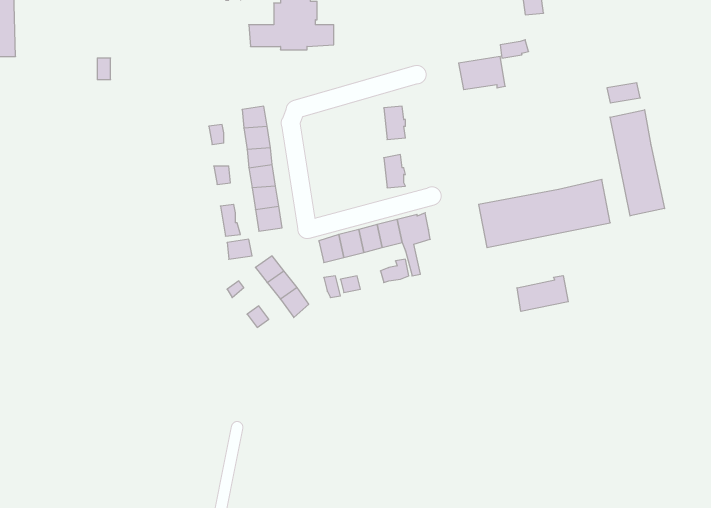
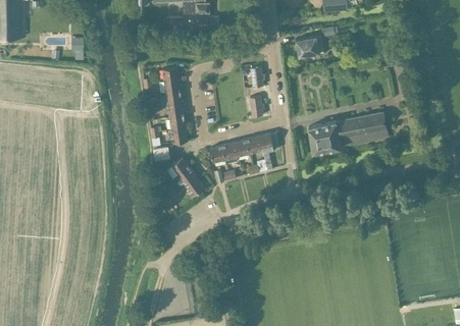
building: [610,110,665,216] -> none
building: [517,276,568,311] -> none

